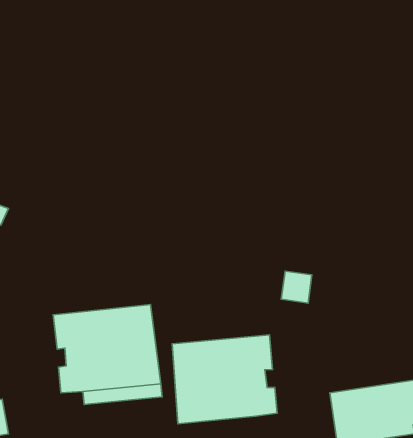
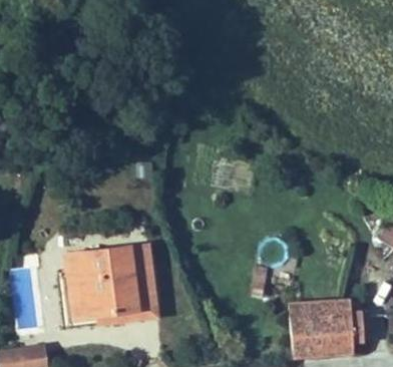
building: [172,335,277,424] -> none

